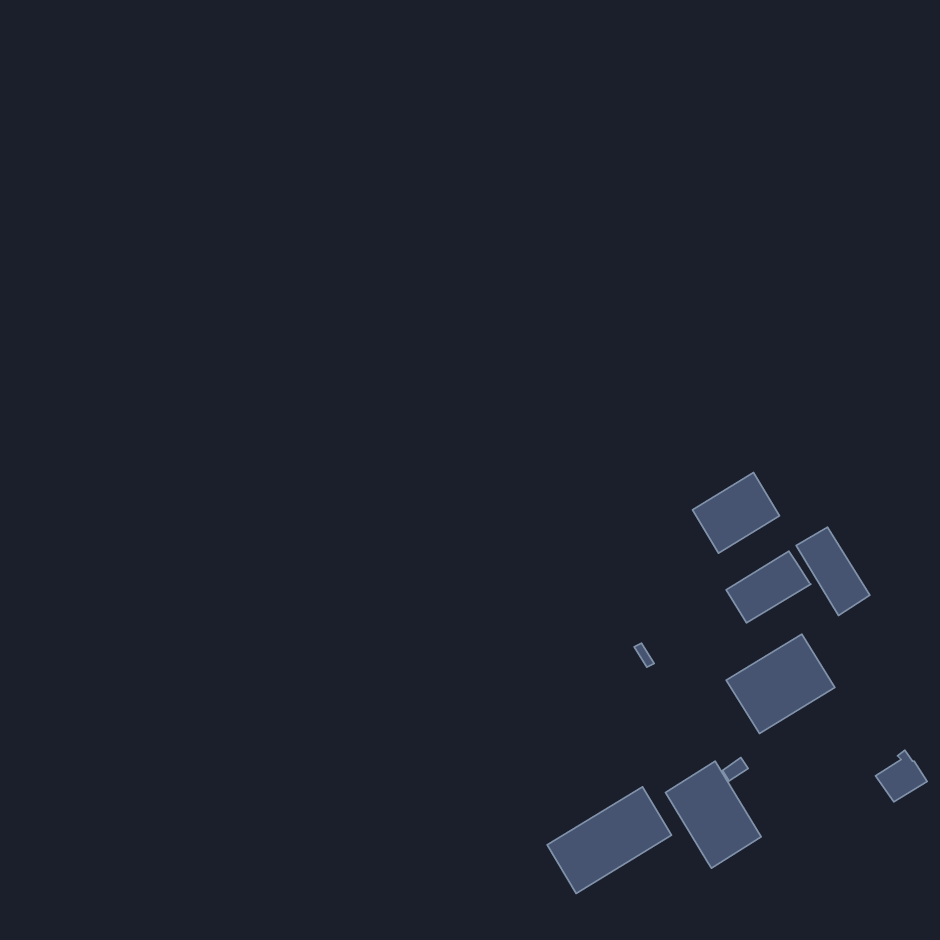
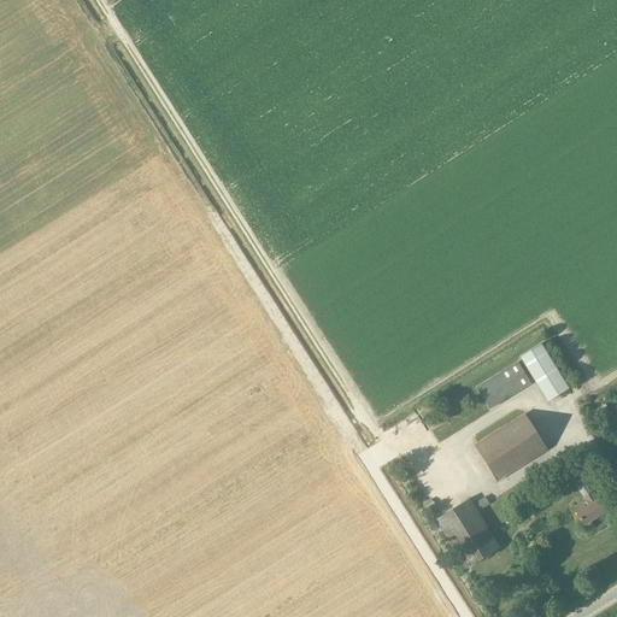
building: [692,472,780,553] -> none
building: [547,787,671,893] -> none

